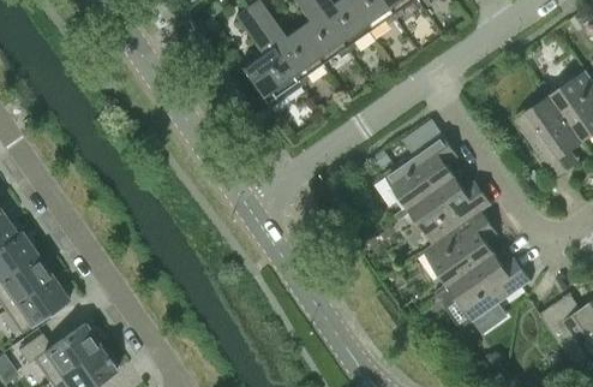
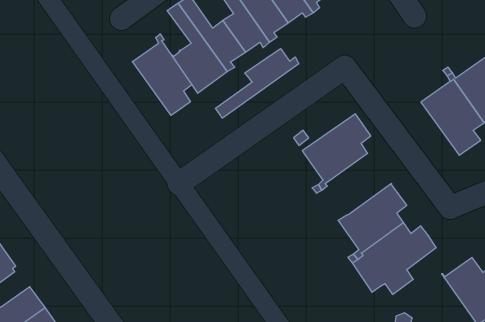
building: none -> [132,34,192,115]
building: none -> [216,49,299,118]
building: [409,174,493,243] -> none

